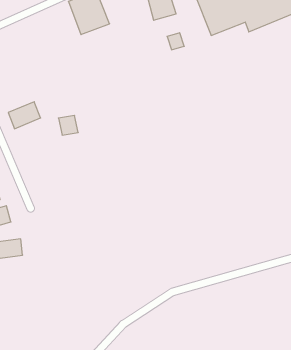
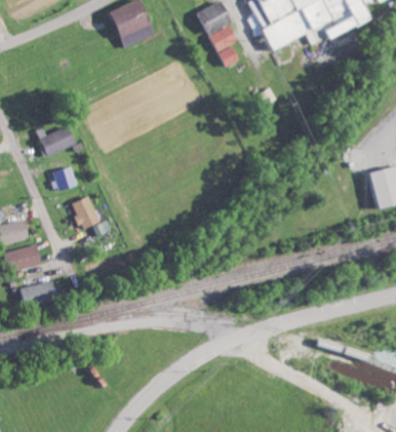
building: none -> [210,28,237,51]
building: [58,115,78,135] -> [53,167,76,190]
building: none -> [70,195,101,230]

